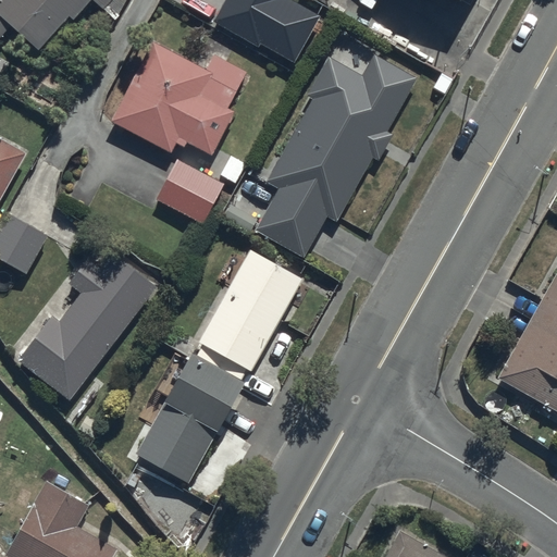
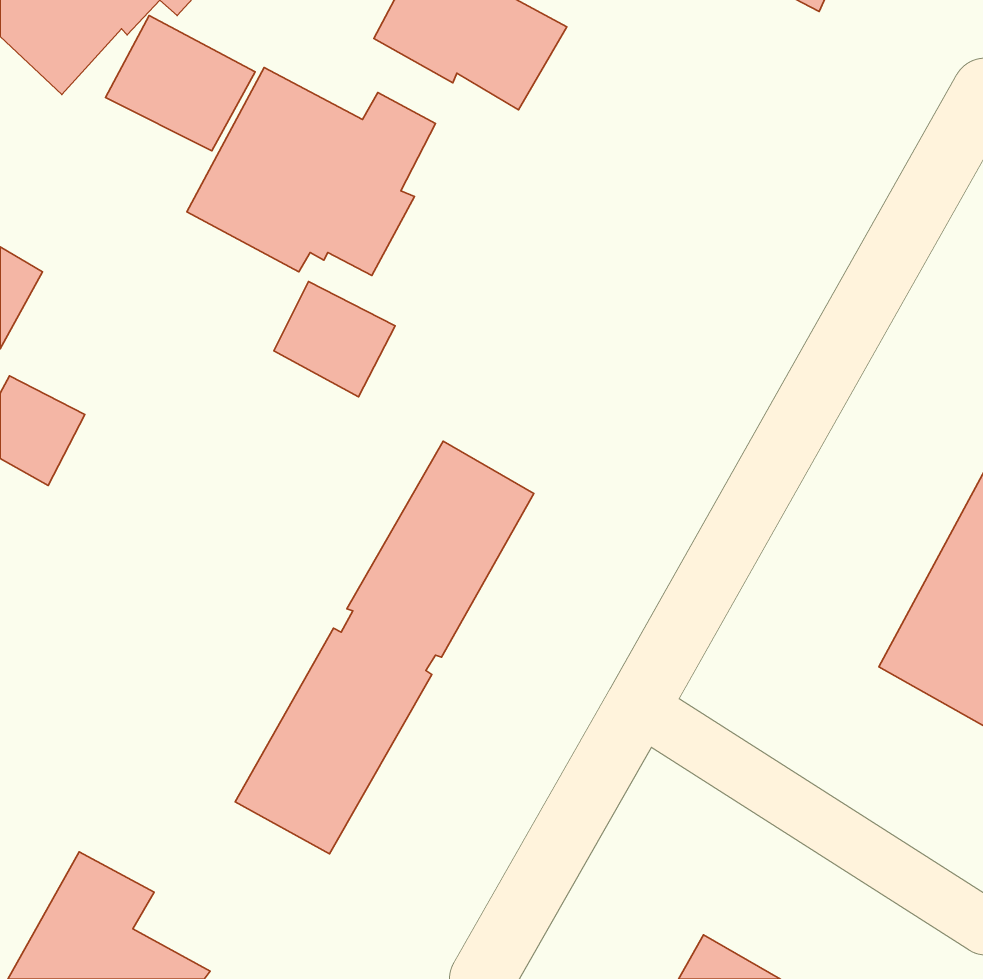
building: none -> [106,15,255,151]
building: [225,52,418,259] -> none
building: [20,251,160,401] -> none

